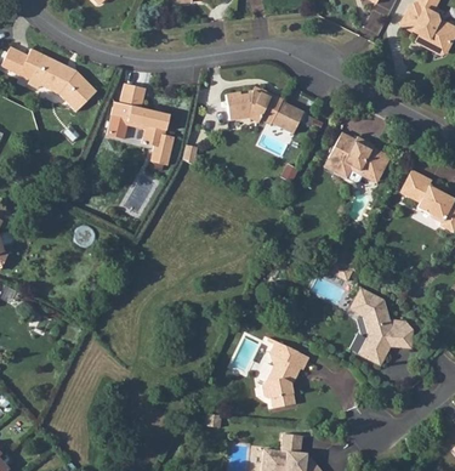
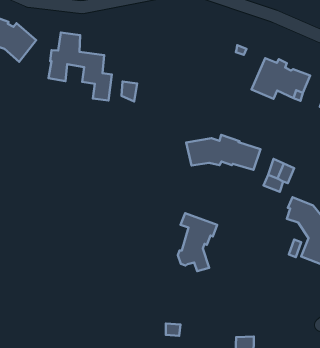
building: [228,89,308,130] -> [186,135,260,170]
building: [263,340,309,404] -> [178,213,217,271]

